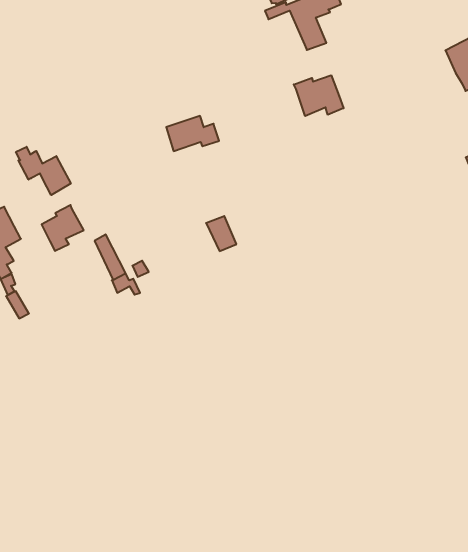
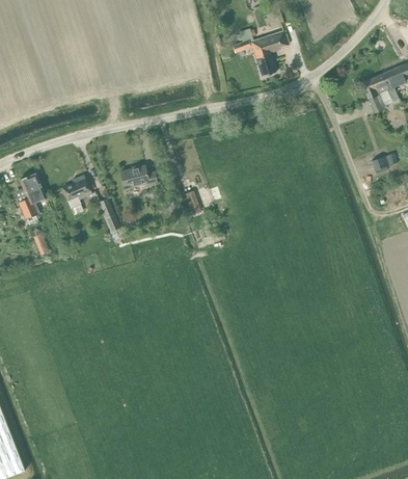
building: [294,75,344,116] -> none
building: [166,116,219,151] -> [120,164,158,188]
building: [16,147,71,195] -> none

